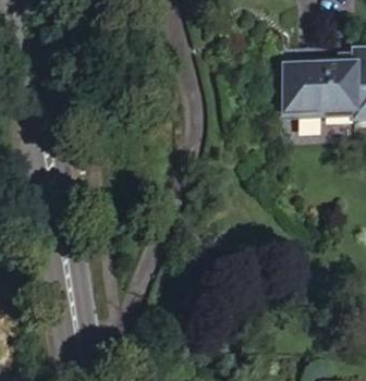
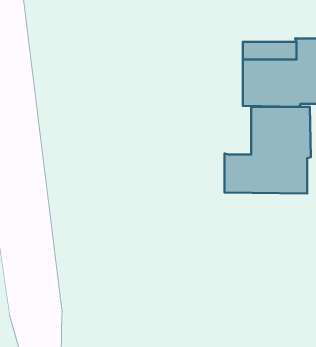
building: none -> [225,107,311,193]

